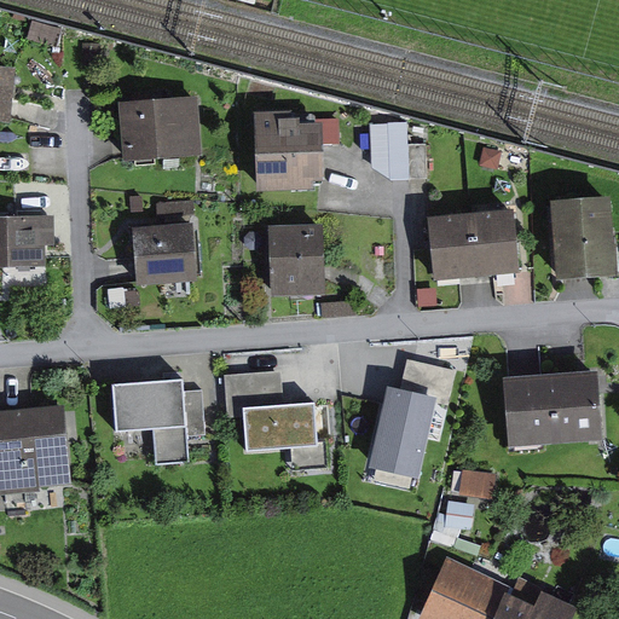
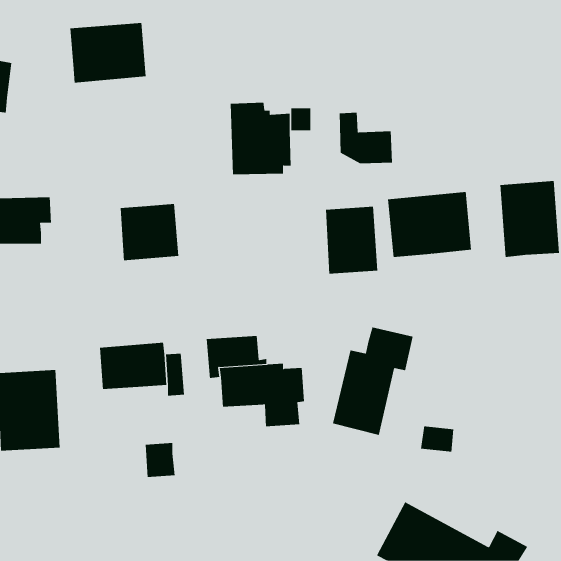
building: [117,97,202,163] -> [70,23,147,83]
building: [268,222,326,297] -> [325,206,378,274]
building: [503,370,607,450] -> none
building: [152,423,186,462] -> [145,442,176,478]

